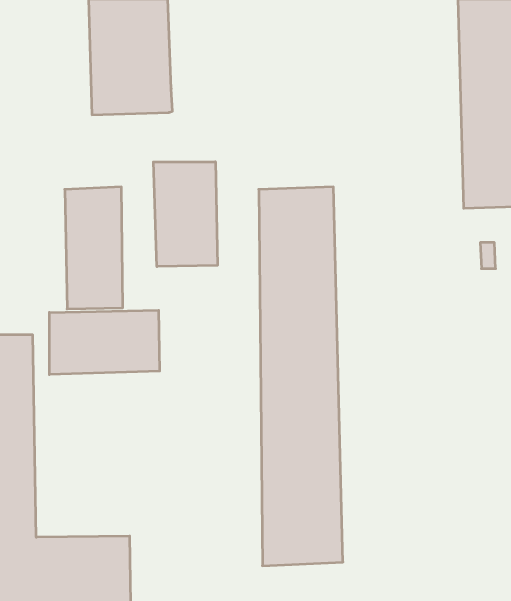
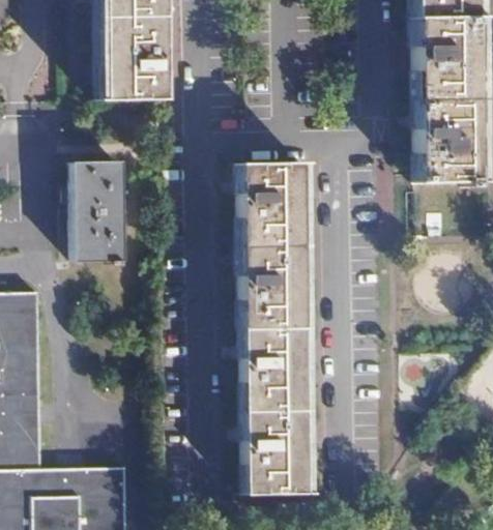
building: [153,162,217,267] -> none
building: [49,310,160,375] -> none

